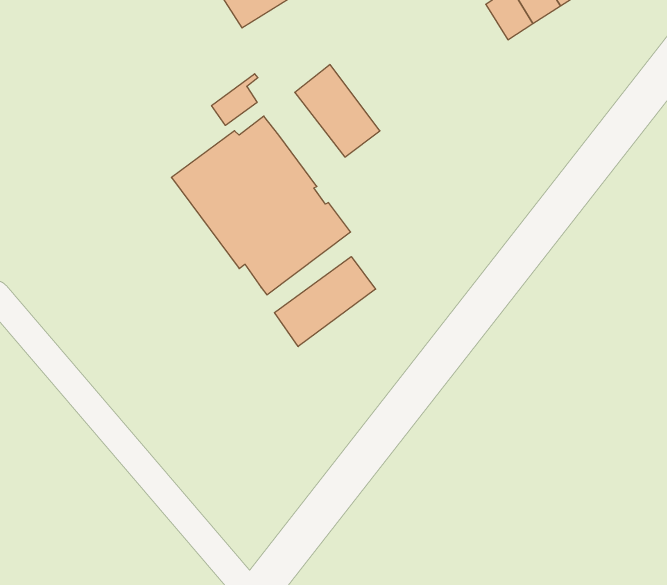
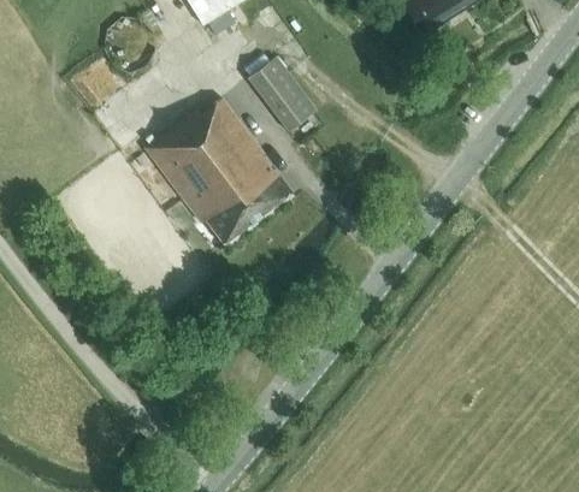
building: [212,74,258,125] -> none
building: [274,257,376,347] -> none

